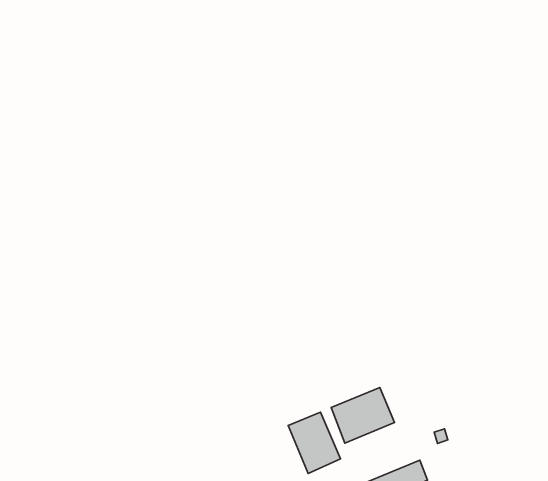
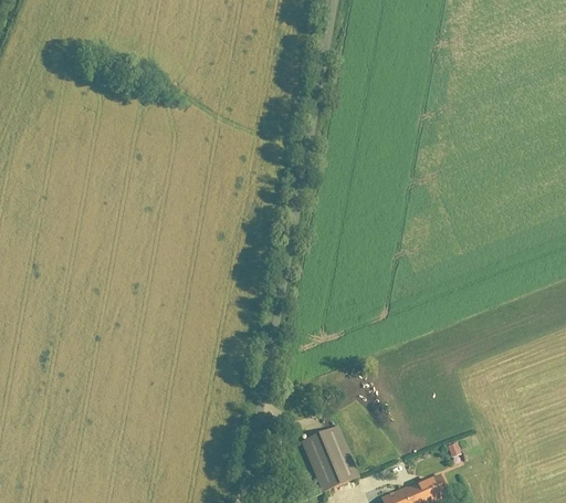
building: [331,388,395,443] -> none

